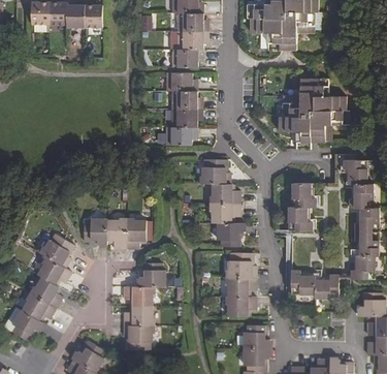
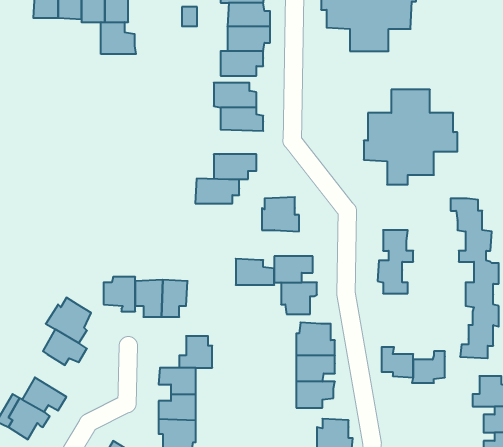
building: none -> [101,22,136,54]
building: [169,107,202,126] -> [195,179,239,203]
building: [211,183,239,202] -> [236,259,274,285]
building: [31,276,62,308] -> none

